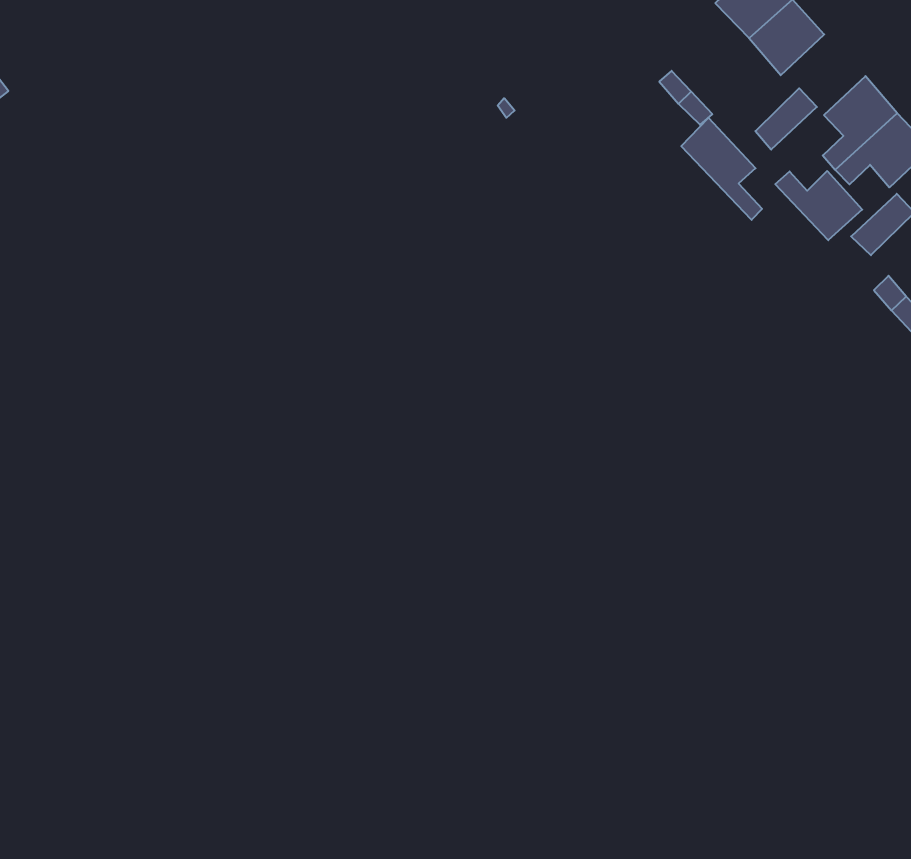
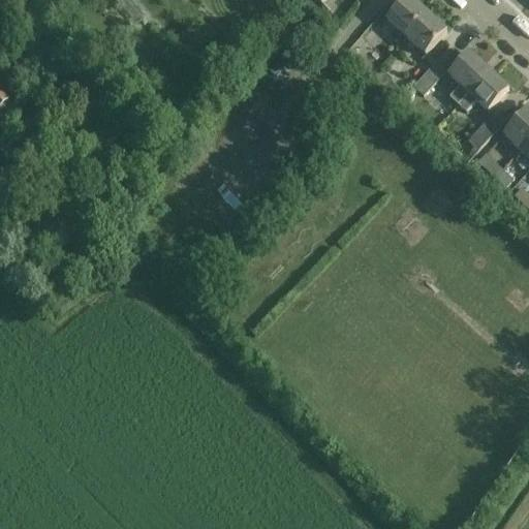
building: [681,118,762,220] -> none
building: [775,171,862,240] -> none

